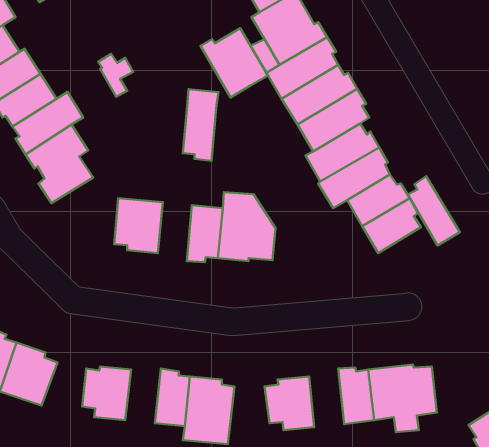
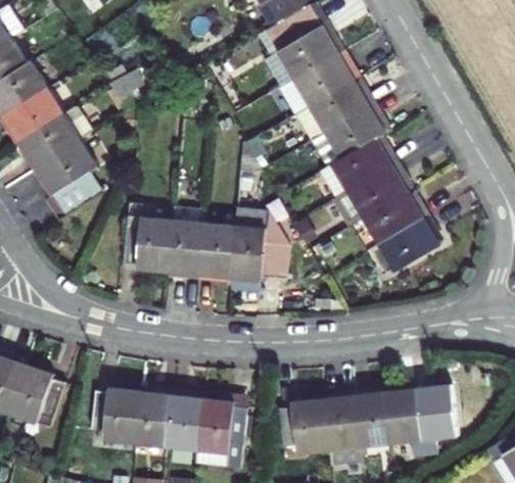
building: [200,28,268,97] -> none
building: [183,89,219,161] -> [170,206,206,280]
building: [408,176,460,245] -> none
building: none -> [136,389,173,446]
building: none -> [325,390,362,463]

